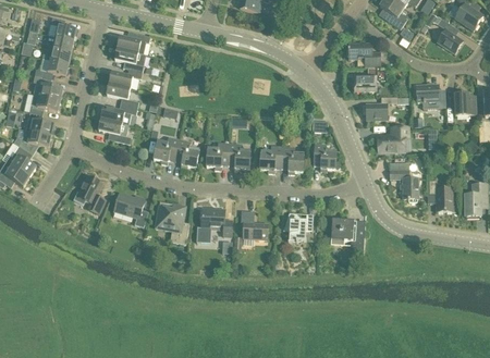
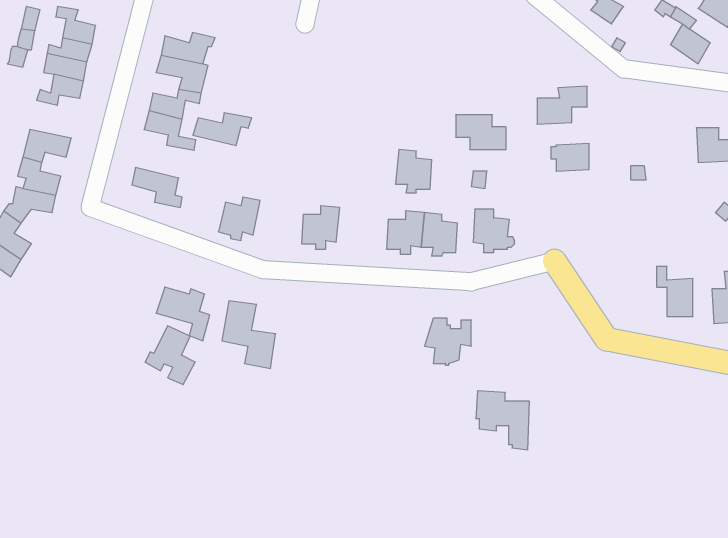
building: [347,44,379,65] -> [456,115,506,149]
building: [33,75,62,99] -> none
building: [415,84,444,107] -> none
building: [100,103,137,124] -> [193,113,252,146]
building: [377,127,406,151] -> none
building: [174,138,198,168] -> none
building: [226,143,249,170] -> [395,149,432,193]
building: [389,169,417,198] -> none
building: [73,175,105,212] -> [145,326,195,385]
building: [196,208,231,242] -> none
building: [240,210,267,238] -> none
building: [330,218,364,255] -> [476,391,529,450]

